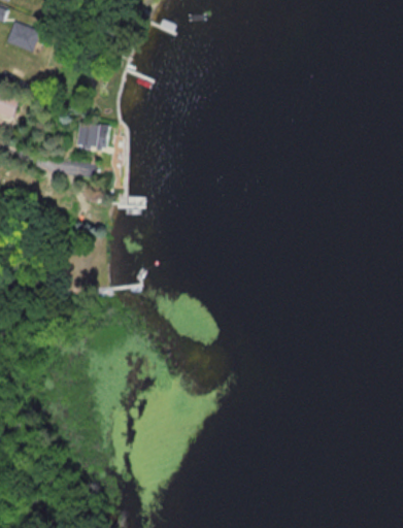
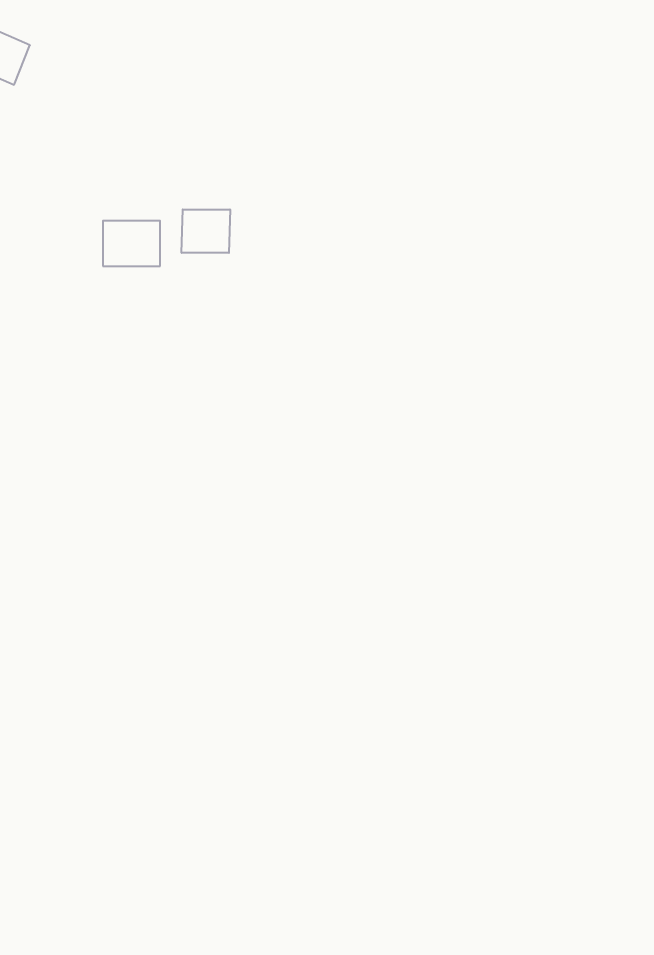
building: none -> [182,209,230,253]

